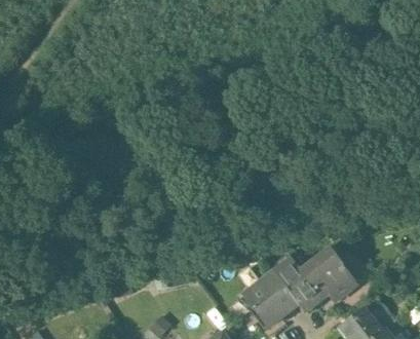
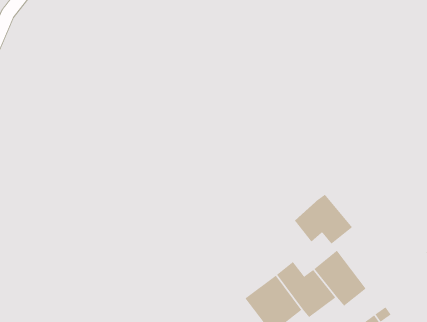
building: none -> [294,194,353,245]

